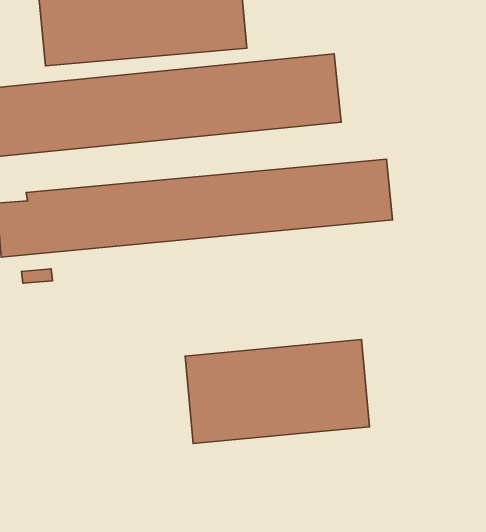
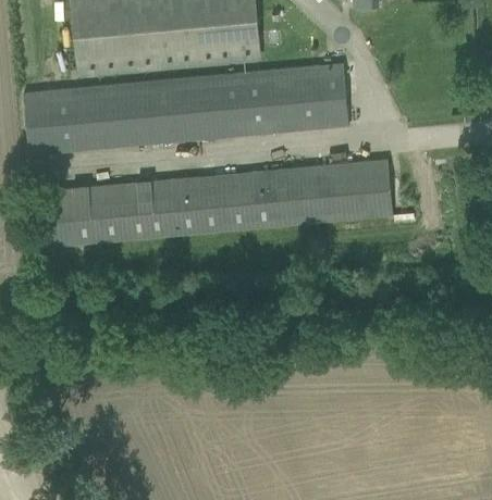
building: [185,340,369,444] -> none

